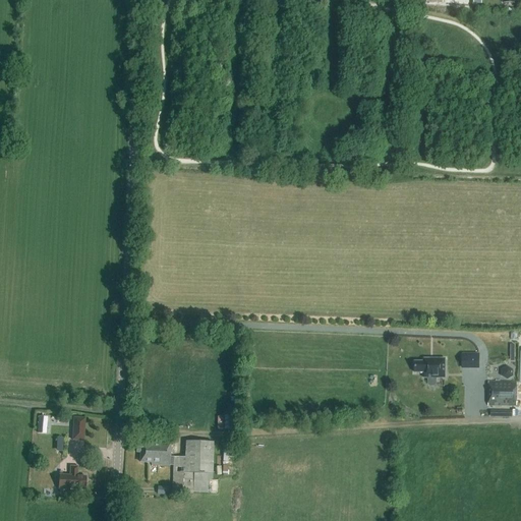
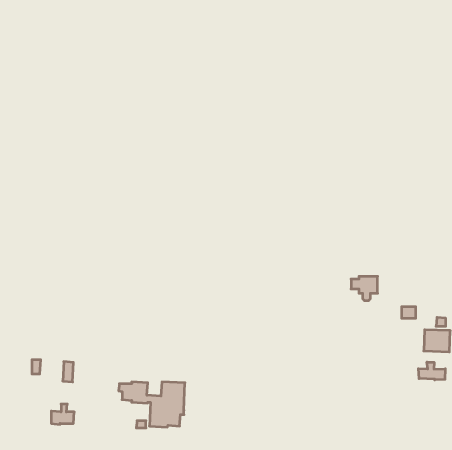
building: [414,357,445,385] -> [351,276,378,300]
building: none -> [418,362,445,380]

